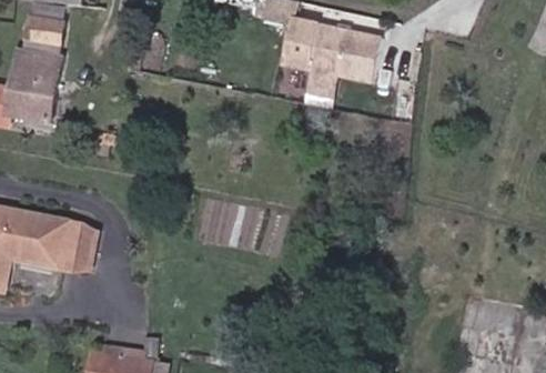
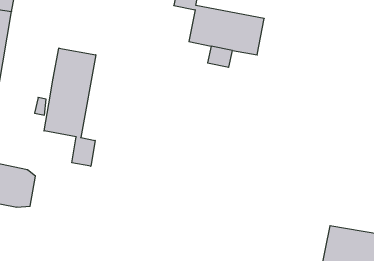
building: none -> [44,48,96,166]

